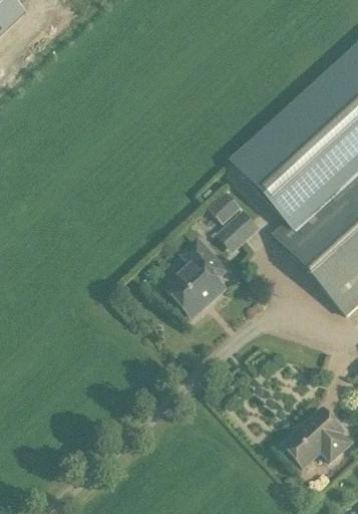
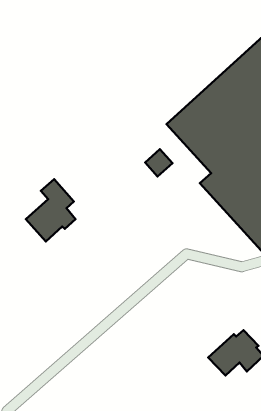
building: [214,208,259,252] -> none
building: [164,238,225,313] -> [26,179,76,241]

